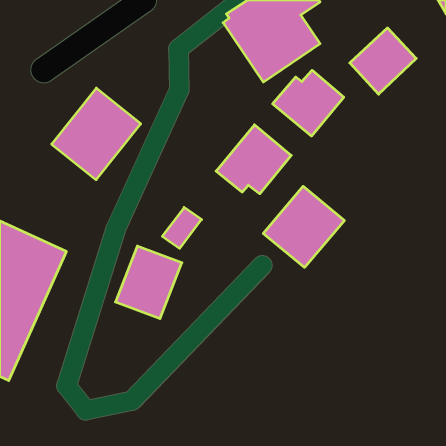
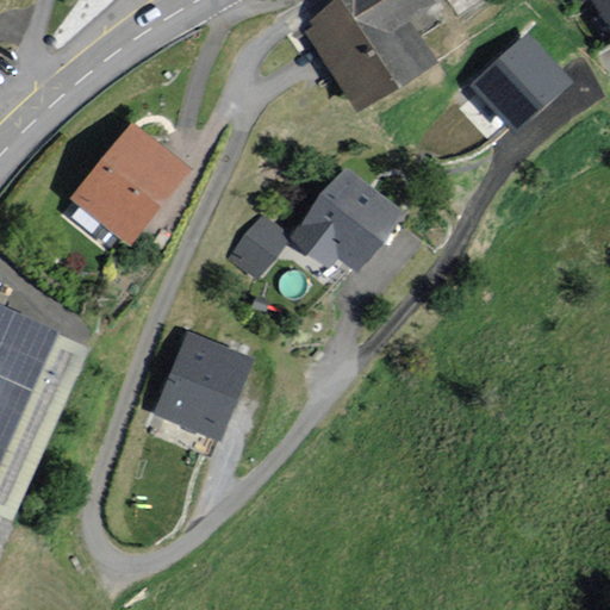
building: [273,70,344,136] -> none
building: [263,186,344,267] -> none
building: [162,207,202,248] -> [232,218,286,274]

